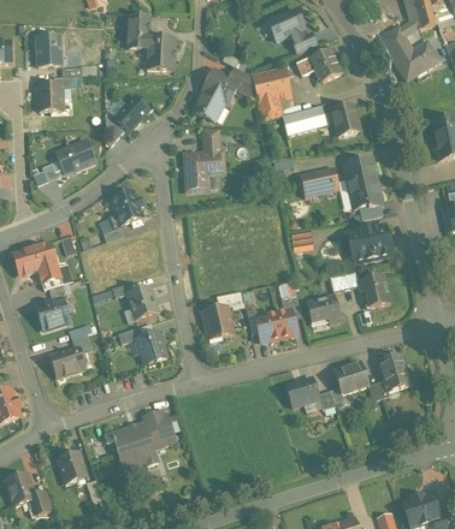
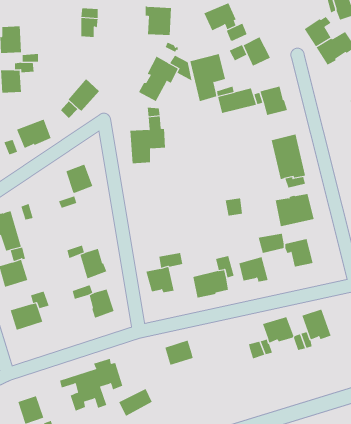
building: [143,36,173,70] -> [145,6,172,36]
building: [299,166,338,196] -> none
building: [285,378,318,406] -> [165,340,193,366]
building: none -> [119,388,153,416]

